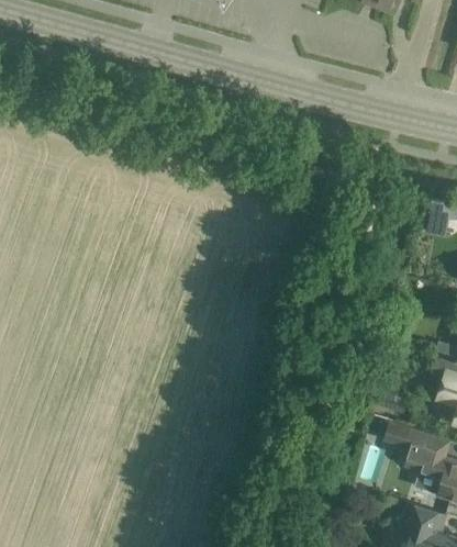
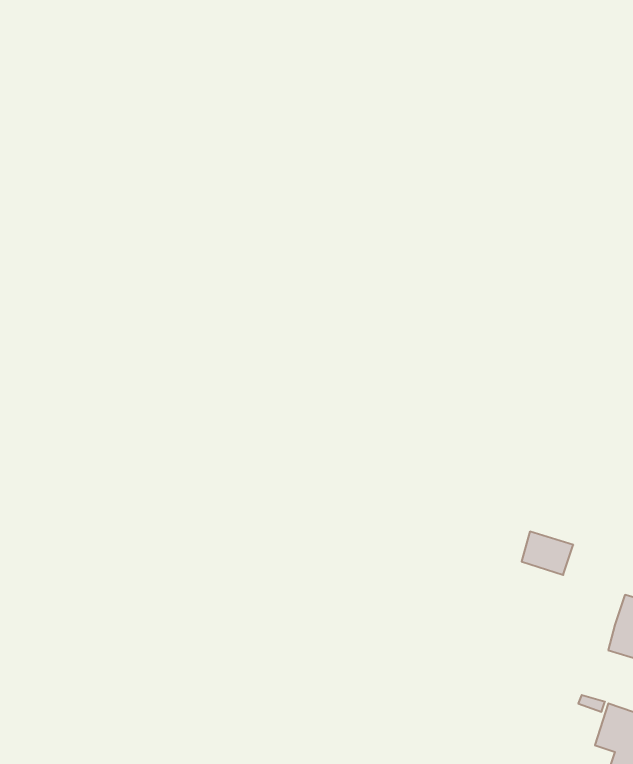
building: [383,421,417,449] -> [522,532,573,575]

